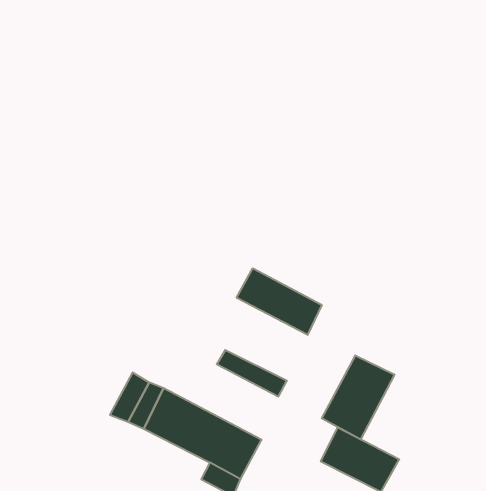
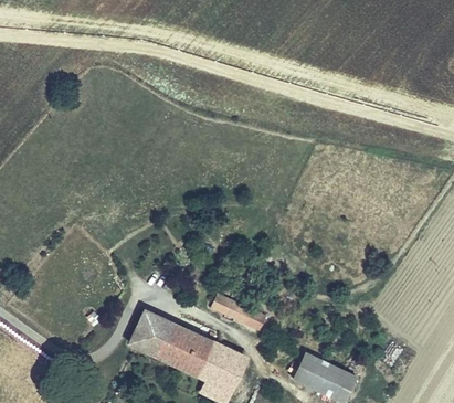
building: [237,268,322,335] -> none
building: [322,355,394,439] -> none

